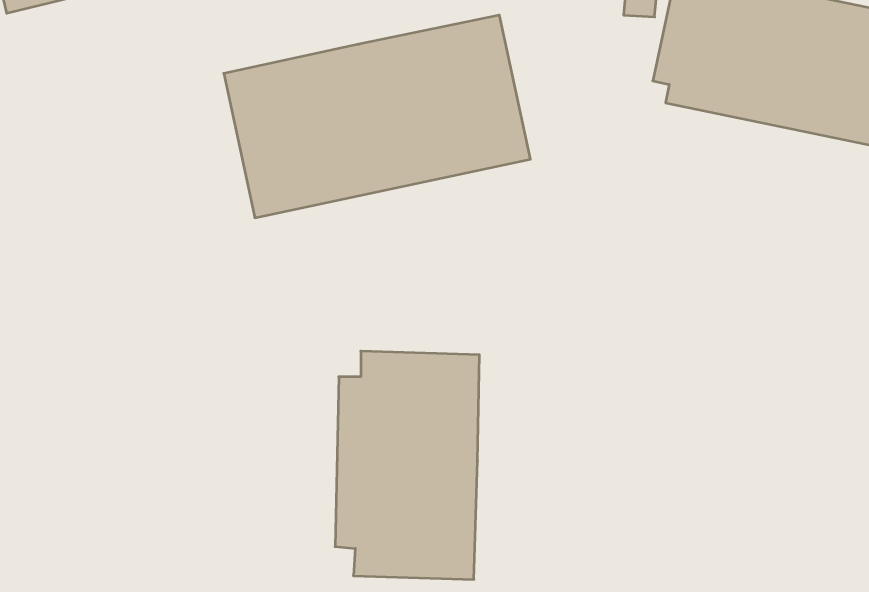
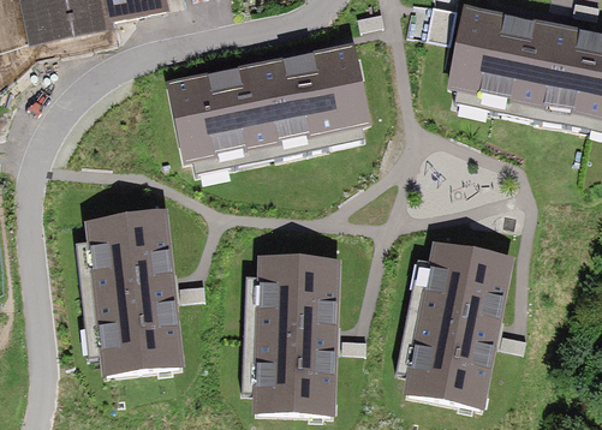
building: none -> [82,215,183,366]
building: none -> [398,241,512,402]

